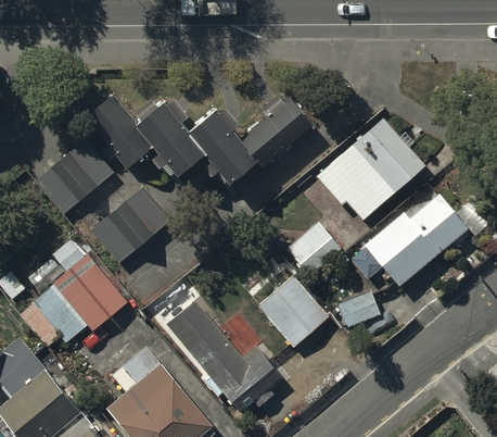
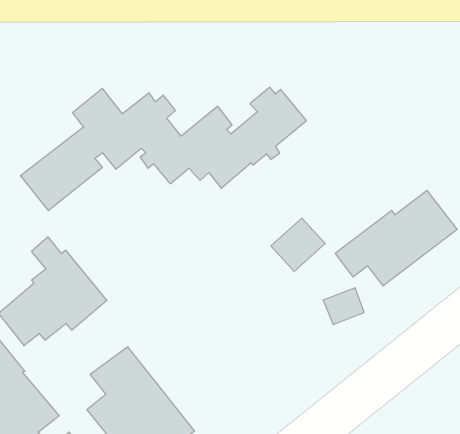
building: [315,118,423,221] -> none
building: [89,185,169,262] -> none
building: [259,276,328,346] -> none
building: [166,300,280,414] -> none

